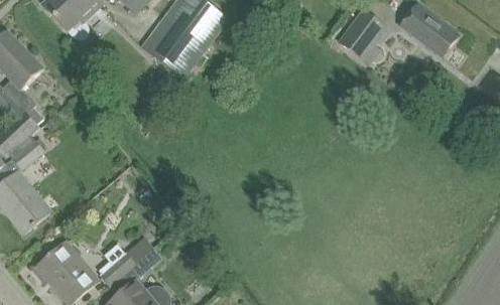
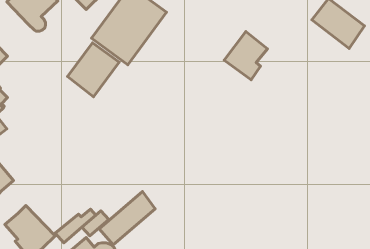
building: [338,7,388,63] -> [224,32,268,80]
building: none -> [68,43,119,97]
building: none -> [99,192,155,245]

